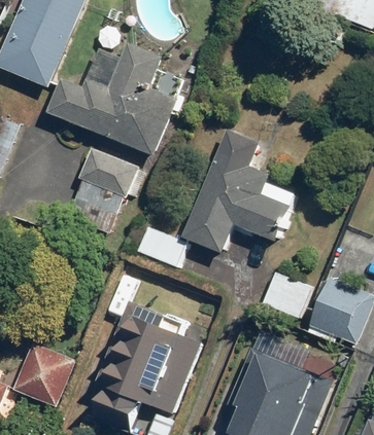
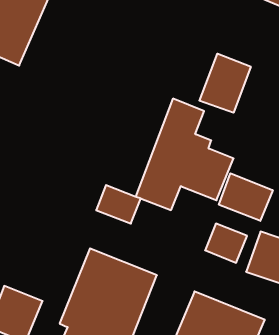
building: [47,42,176,156] -> none
building: none -> [199,54,251,113]
building: [64,144,145,234] -> none
building: none -> [219,173,273,221]

